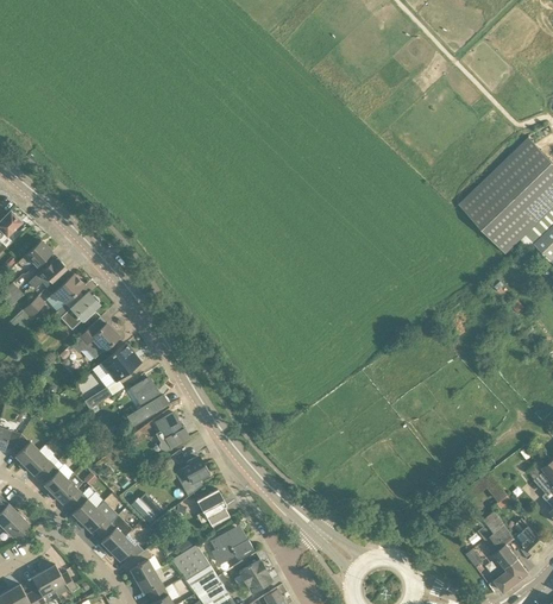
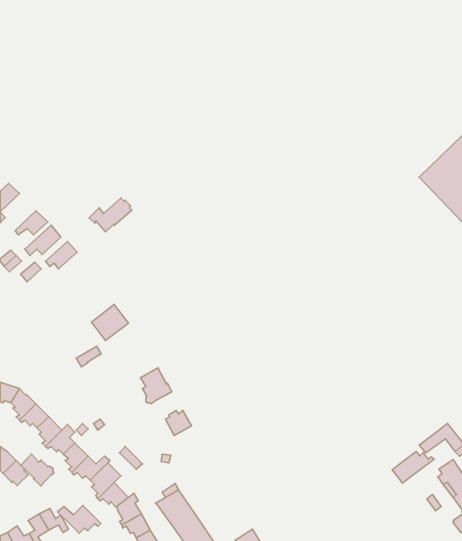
building: [54,294,100,331] -> [89,198,132,232]
building: [67,325,119,359] -> none
building: [125,379,168,428] -> none
building: [196,490,230,528] -> none
building: none -> [392,451,434,483]
building: none -> [21,454,54,486]
building: [210,529,252,566] -> none
building: [239,561,272,593] -> none
building: none -> [57,505,101,533]

